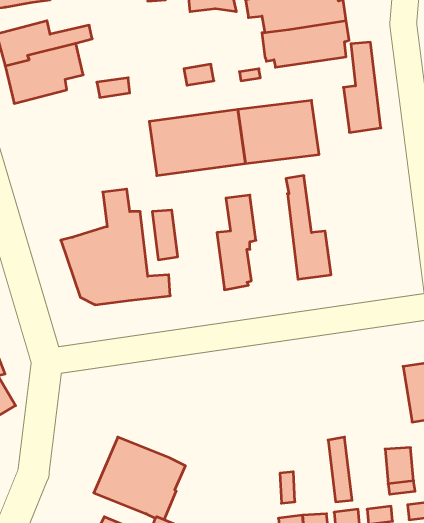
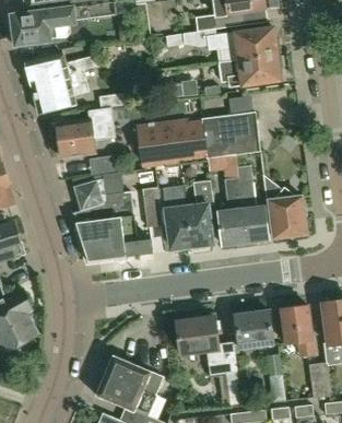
building: [343,42,381,132] -> [217,178,245,244]
building: none -> [56,118,115,156]
building: none -> [71,174,106,210]
building: none -> [156,184,191,250]
building: none -> [269,186,306,237]
building: none -> [281,305,314,355]
building: none -> [234,310,273,346]
building: none -> [175,317,237,375]

